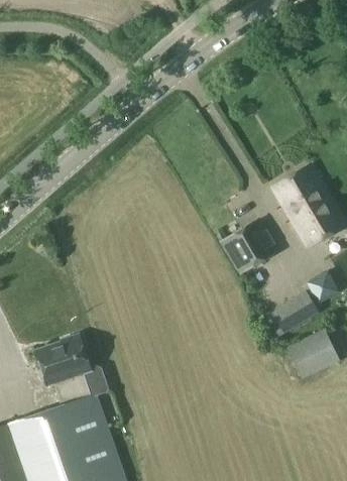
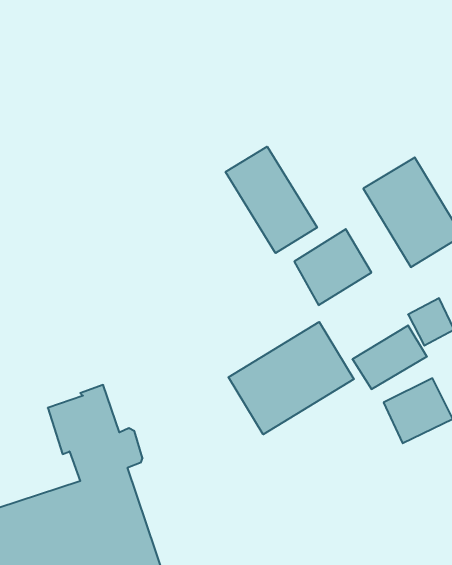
building: none -> [226,147,317,253]
building: none -> [228,322,354,434]

